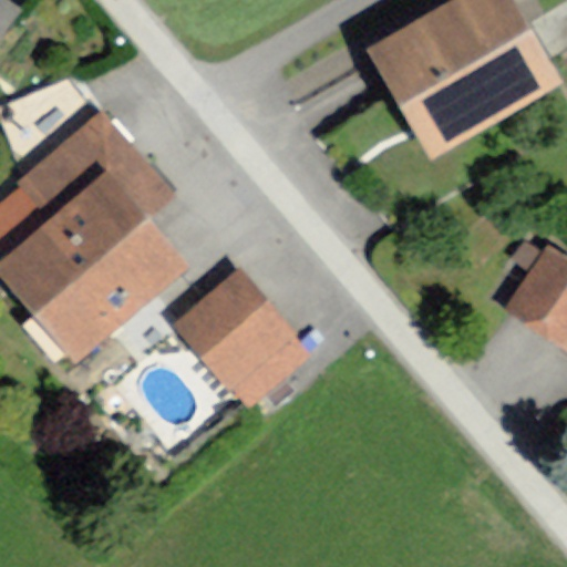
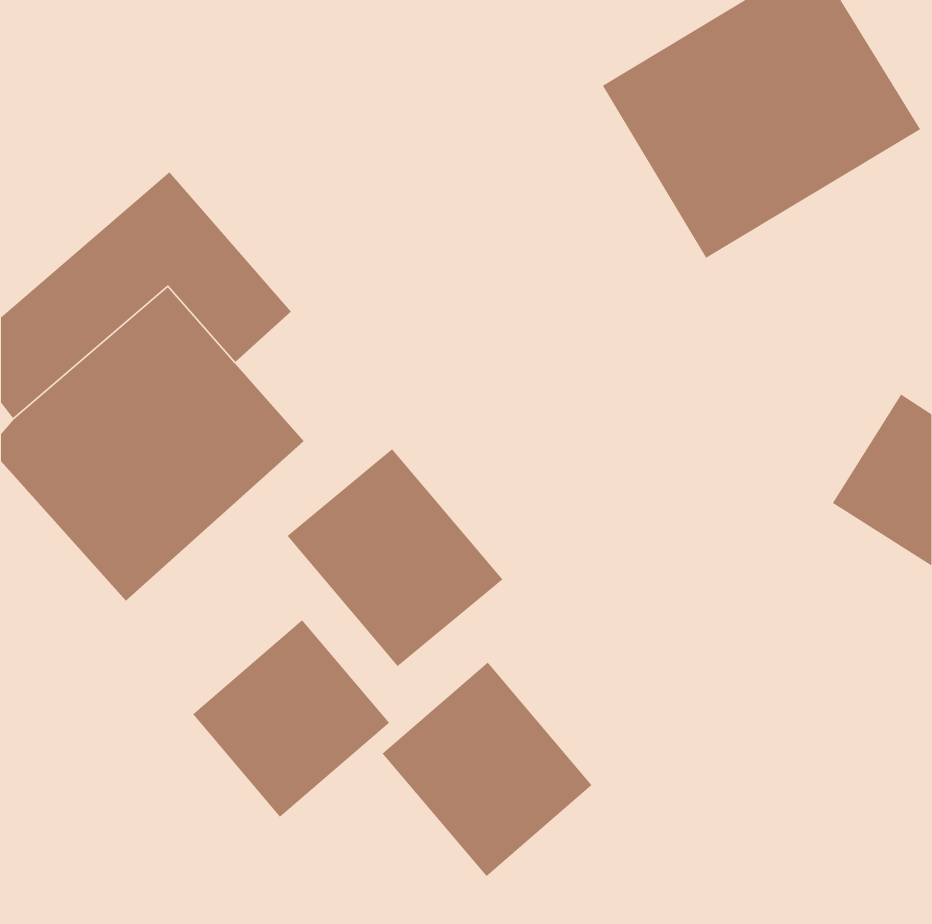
building: none -> [192,619,390,818]
building: none -> [381,661,593,877]

